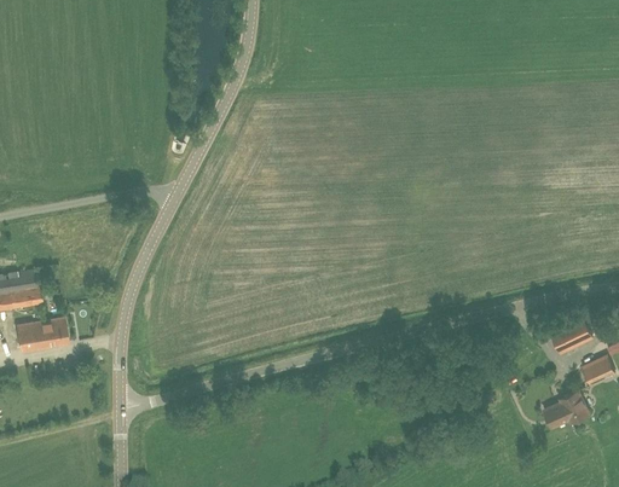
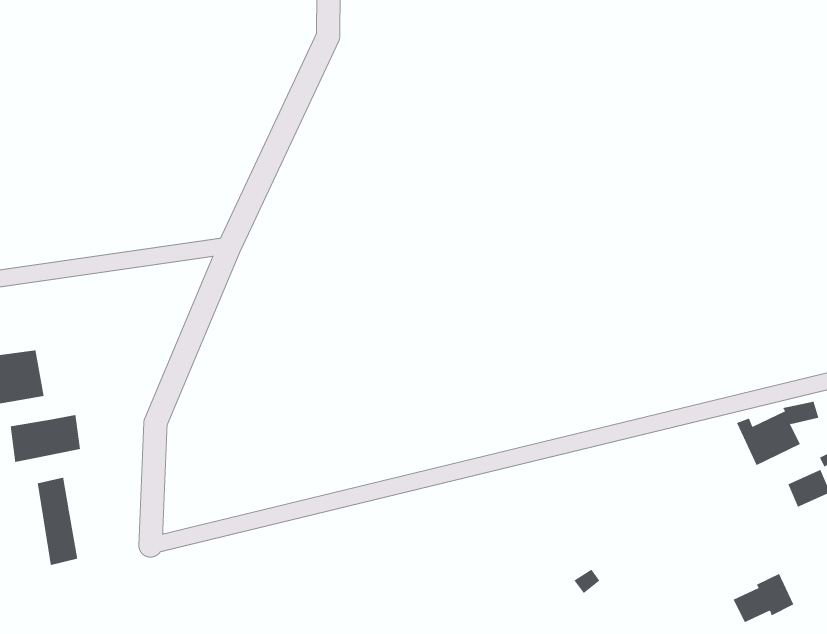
building: none -> [37,477,78,566]
building: [543,392,588,428] -> [733,573,794,623]

